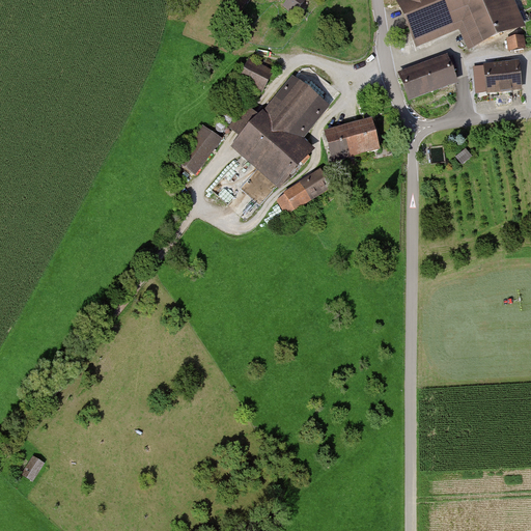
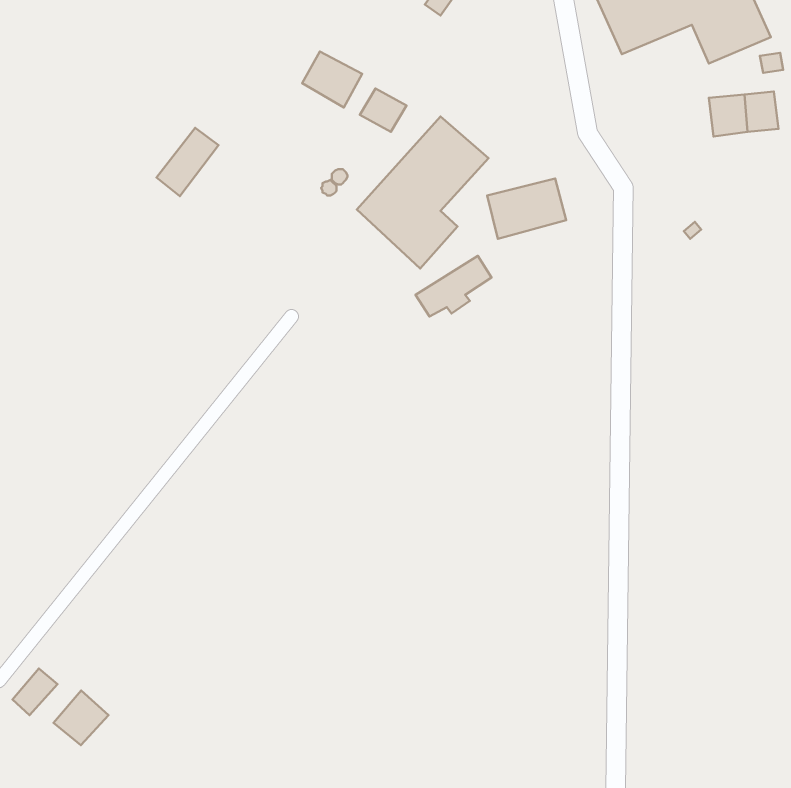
building: none -> [302,51,362,107]
building: [400,55,456,97] -> none
building: [178,127,220,172] -> [157,128,219,196]
building: none -> [54,691,108,745]

